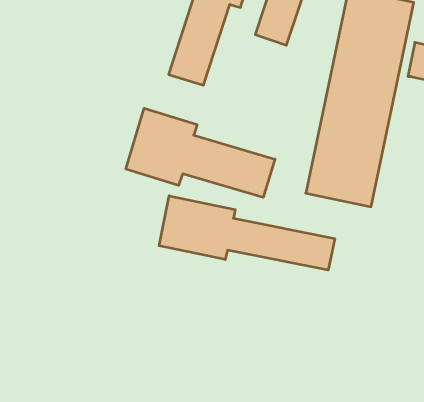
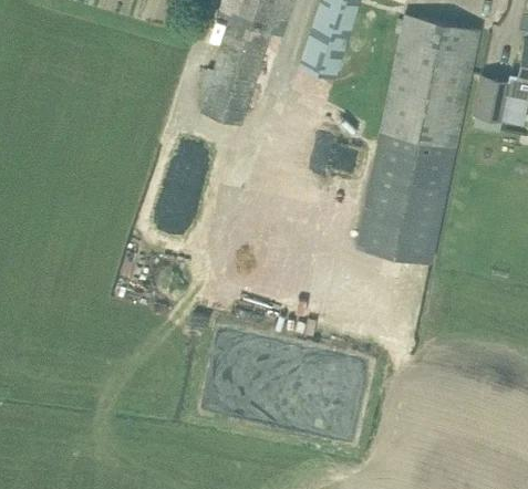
building: [126,108,275,197] -> none
building: [159,196,335,270] -> none

